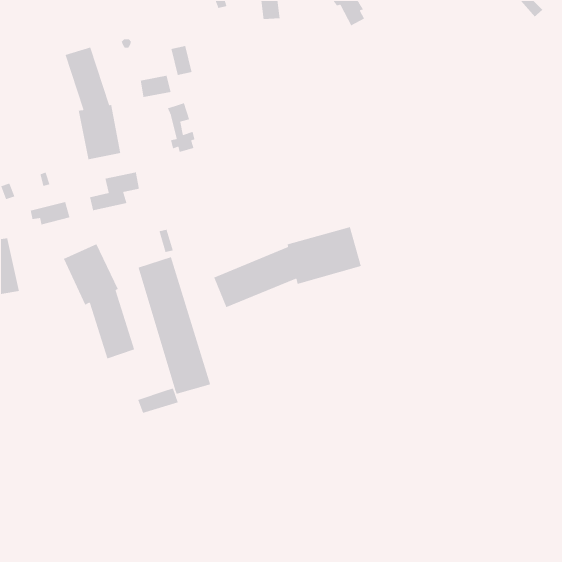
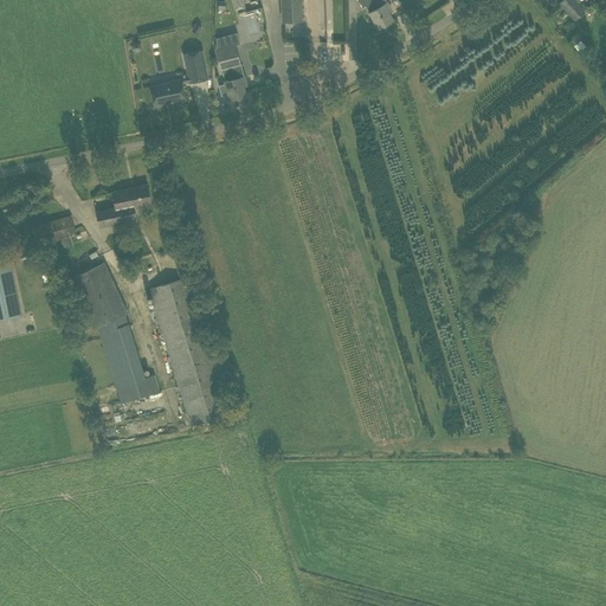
building: [65,46,121,160] -> none
building: [167,102,196,153] -> [215,45,246,99]
building: [213,226,362,308] -> none
building: [137,388,179,414] -> [115,374,160,402]

